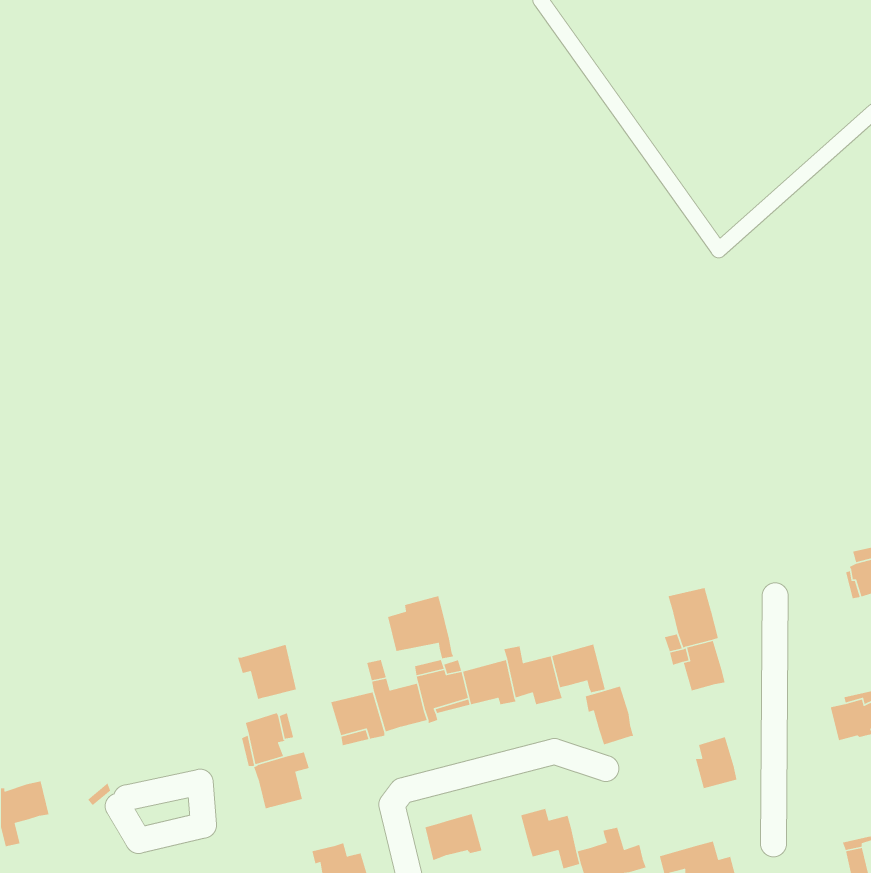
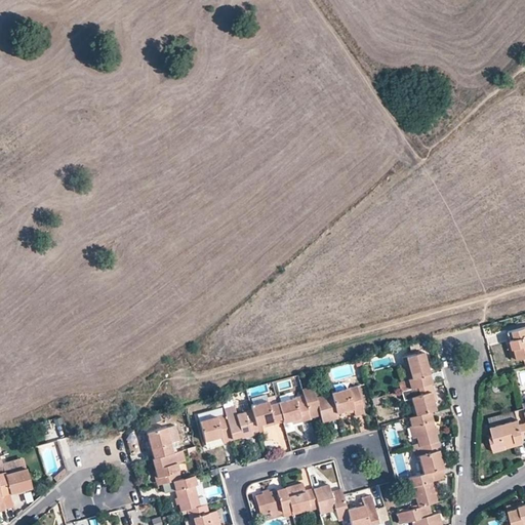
building: [387,595,454,659] -> none
building: [237,644,297,700] -> none
building: [585,686,634,746] -> [409,411,439,447]
building: none -> [408,469,447,508]
building: none -> [164,477,202,512]
building: none -> [285,484,319,513]

